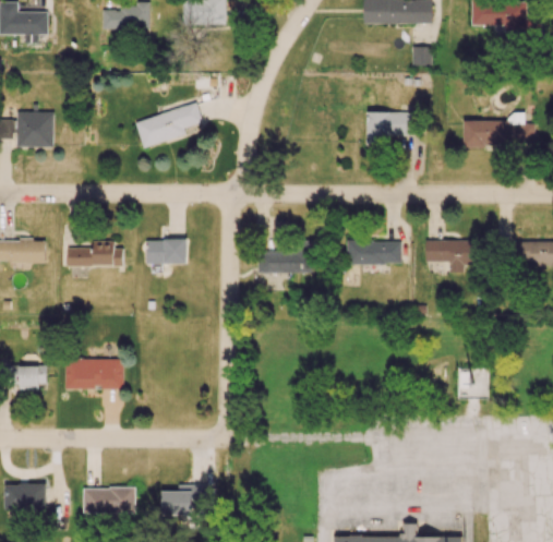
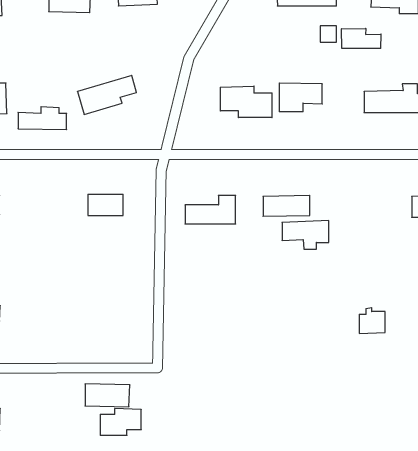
building: none -> [342,28,381,48]
building: none -> [220,86,272,118]
building: [425,239,479,272] -> [282,221,329,249]
building: [68,240,123,266] -> [18,107,67,130]
building: [64,358,124,388] -> none
building: [84,486,135,513] -> [85,384,130,407]

